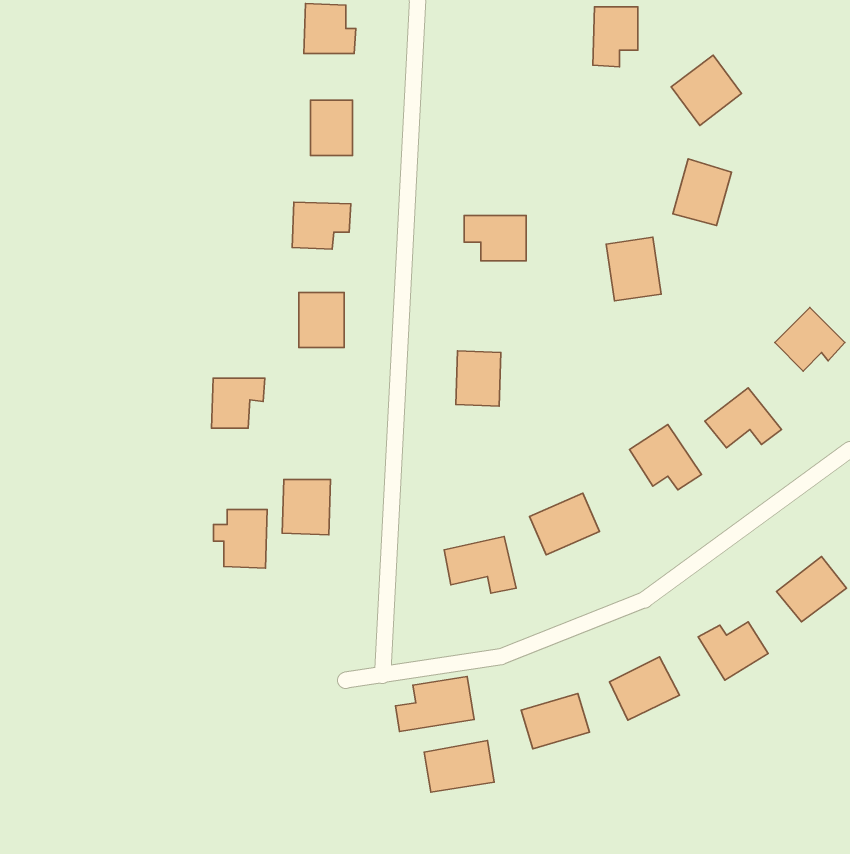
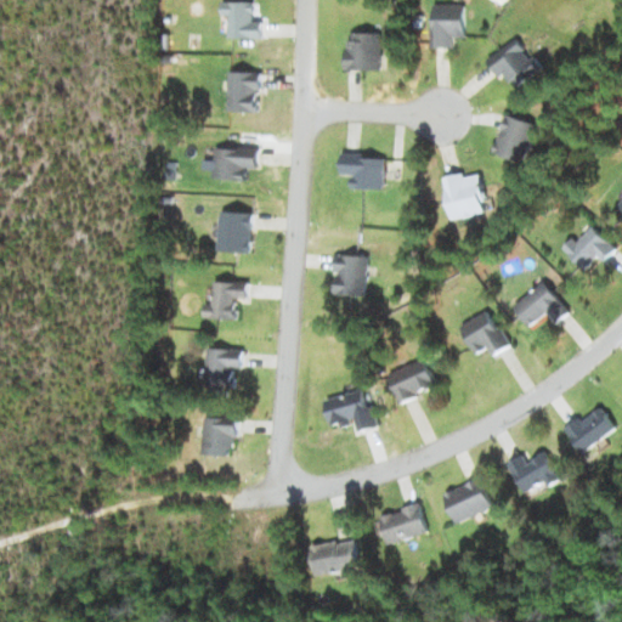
building: none -> [344,34,379,70]
building: [212,378,265,428] -> [208,282,247,318]
building: [214,510,267,568] -> [196,413,234,456]
building: [396,676,474,731] -> none

